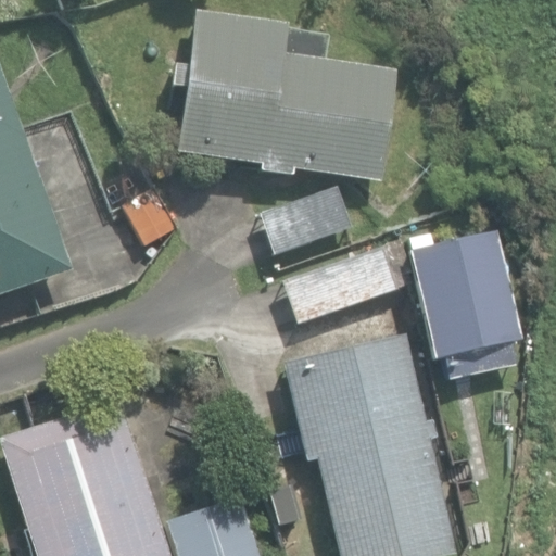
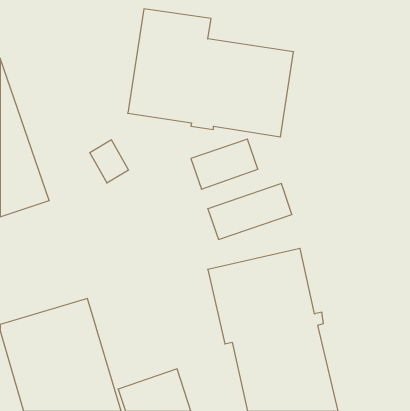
building: [406,230,522,380] -> none

